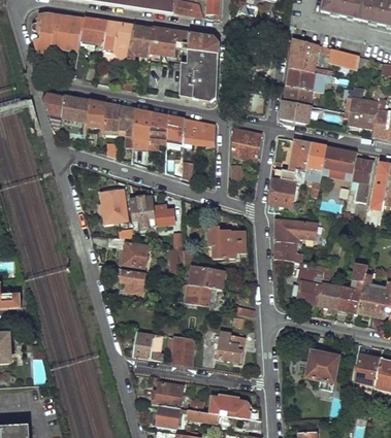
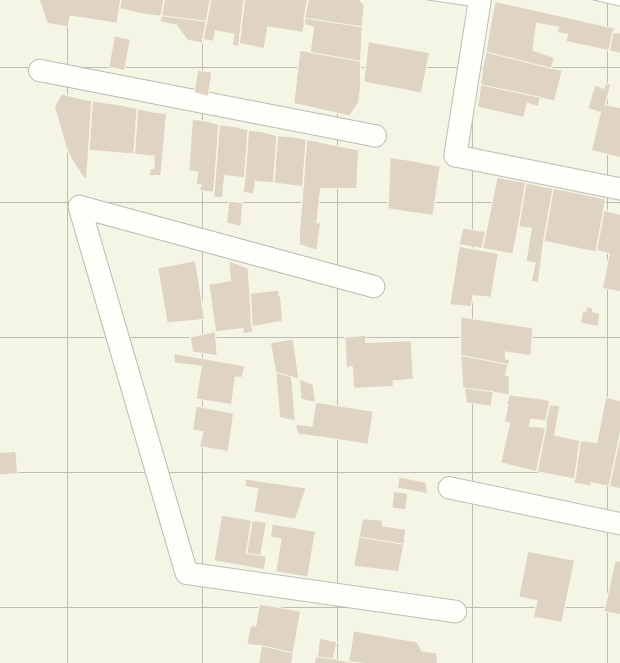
building: none -> [364,42,430,93]
building: [279,98,308,122] -> none
building: [102,102,120,138] -> none
building: [180,283,215,306] -> [245,479,306,519]

